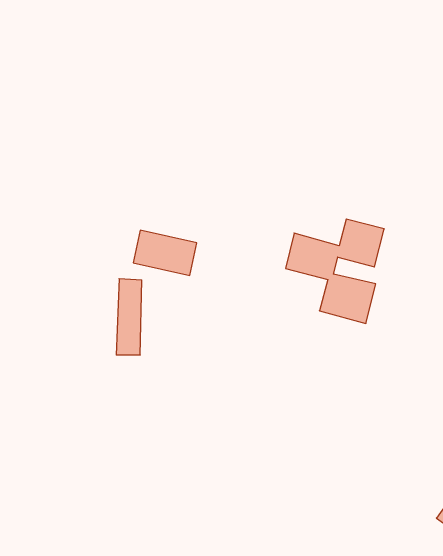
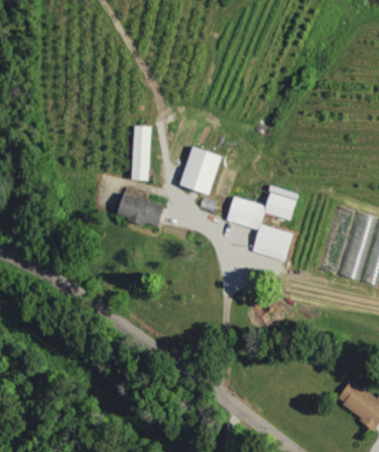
building: none -> [180,145,223,194]
building: [116,279,142,355] -> [131,125,149,179]

